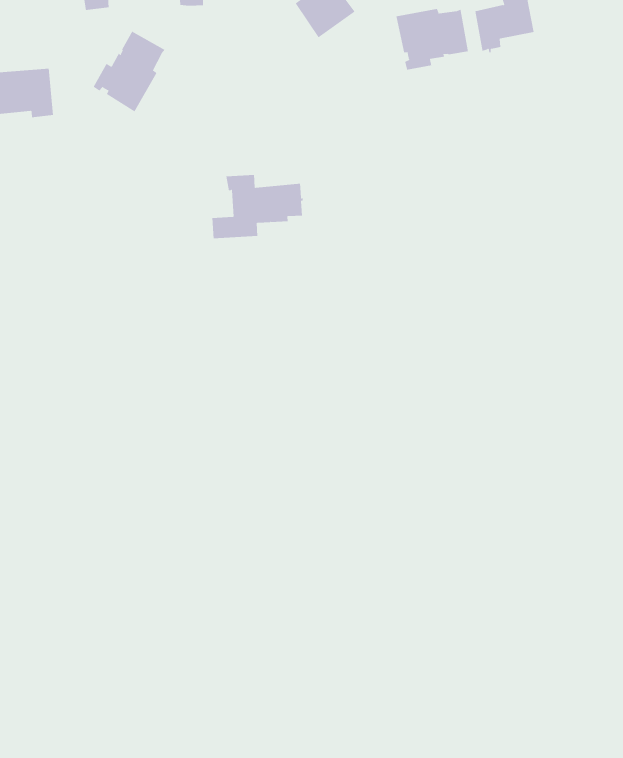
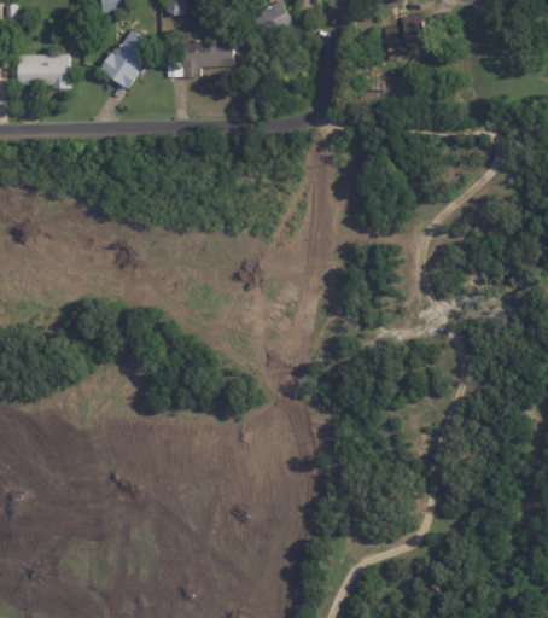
building: [396,8,469,70] -> none
building: [212,174,304,239] -> [165,30,234,76]

